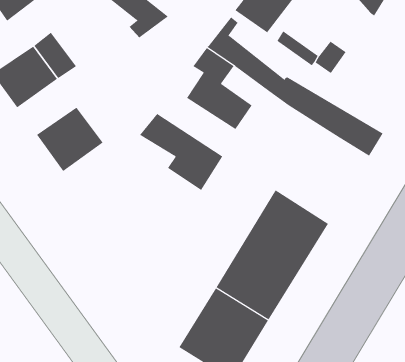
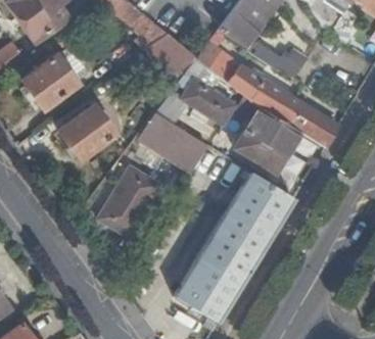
building: none -> [146,34,198,79]
building: none -> [236,94,301,172]
building: none -> [100,167,162,237]

